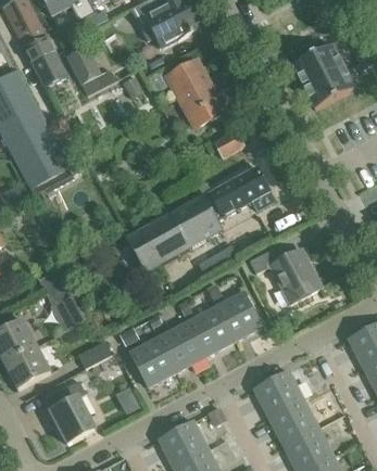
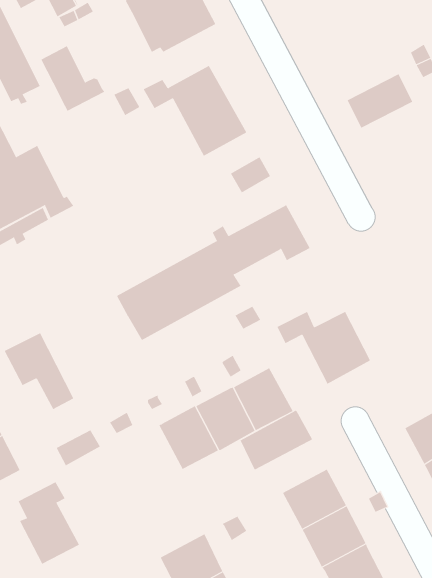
building: [292,43,343,86] -> none
building: none -> [240,410,314,470]
building: [129,336,176,386] -> none

